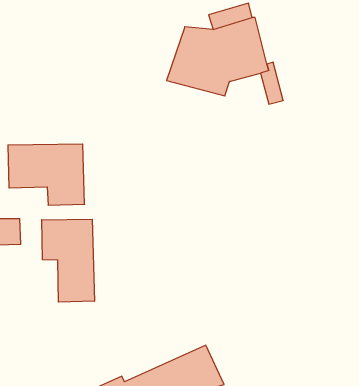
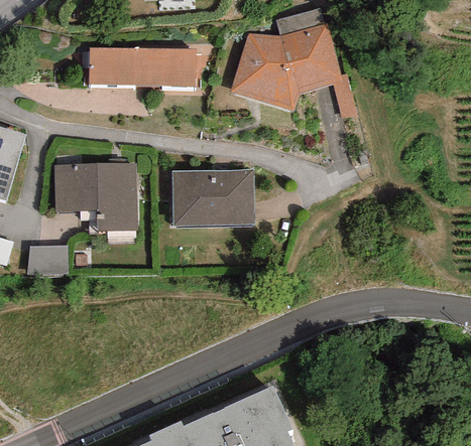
building: none -> [89,46,196,87]
building: none -> [171,169,253,227]
building: [42,219,94,302] -> none

